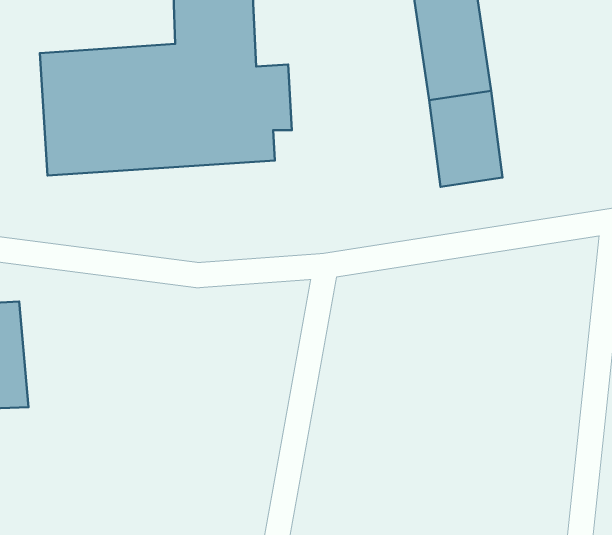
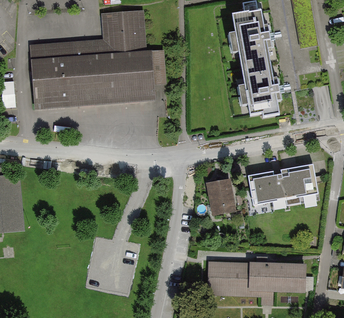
building: none -> [248,163,314,206]
building: none -> [205,178,233,213]
building: none -> [211,262,304,290]

